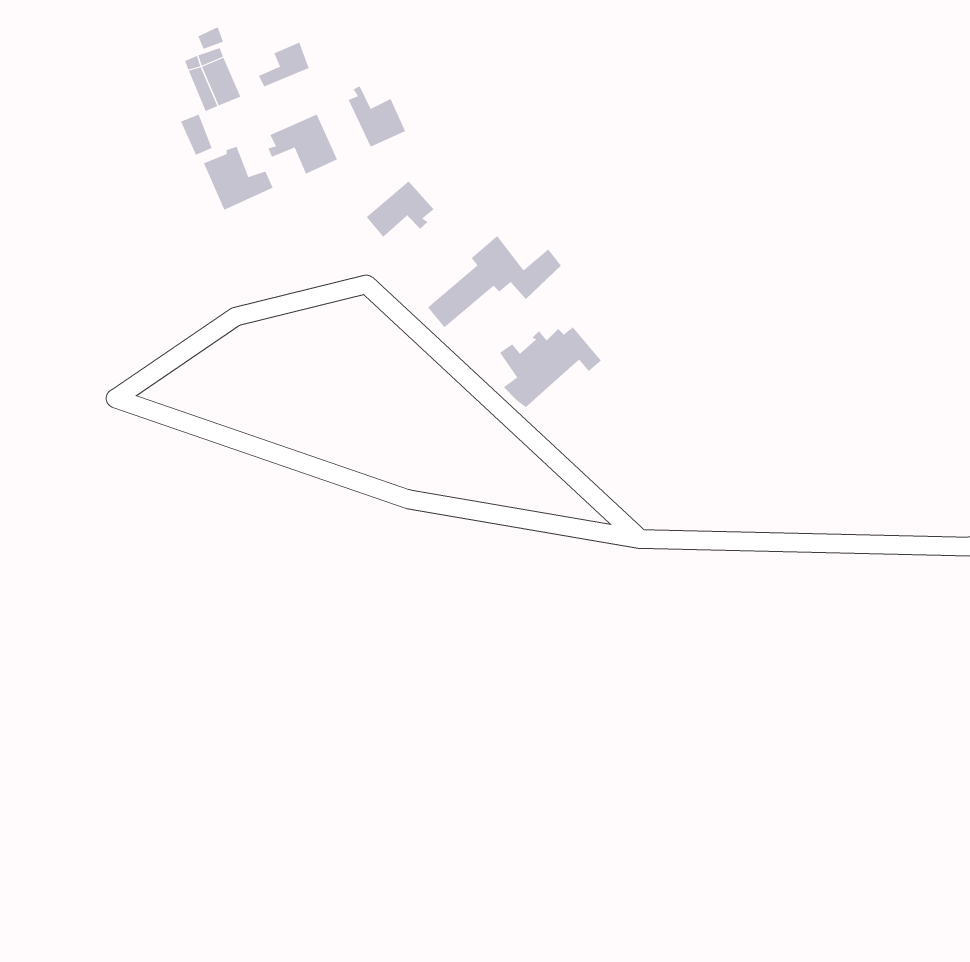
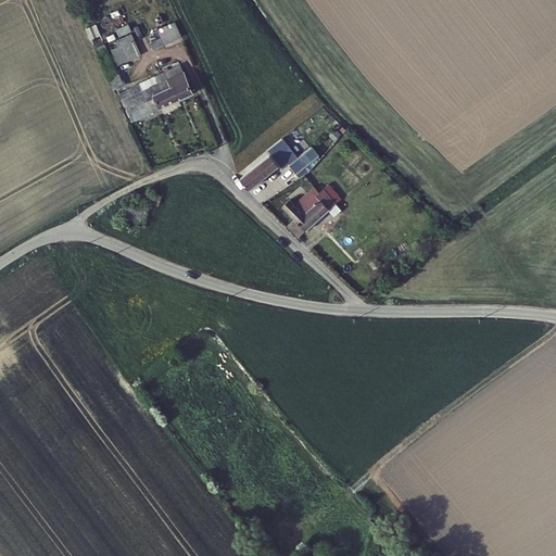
building: [348,85,406,148] -> none
building: none -> [136,80,175,108]
building: [366,180,434,238] -> none

